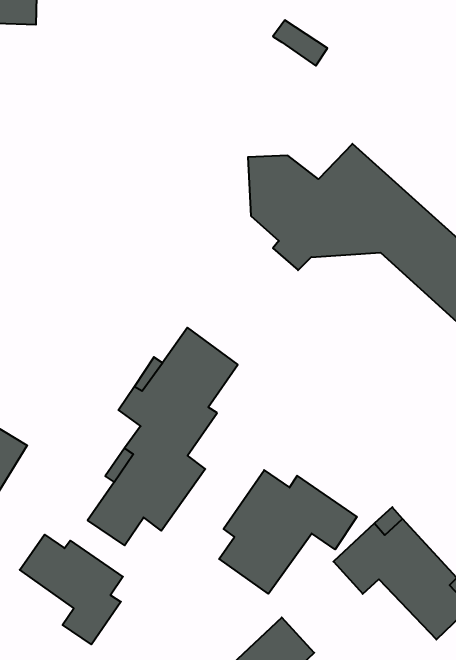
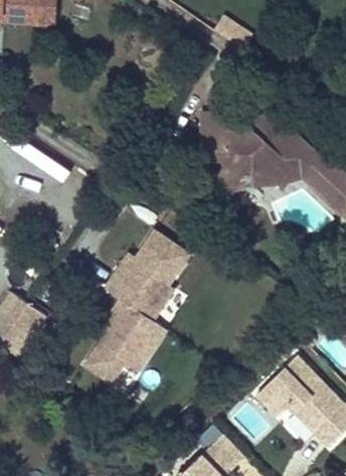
building: [219,470,357,594] -> none
building: [20,535,123,644] -> none

